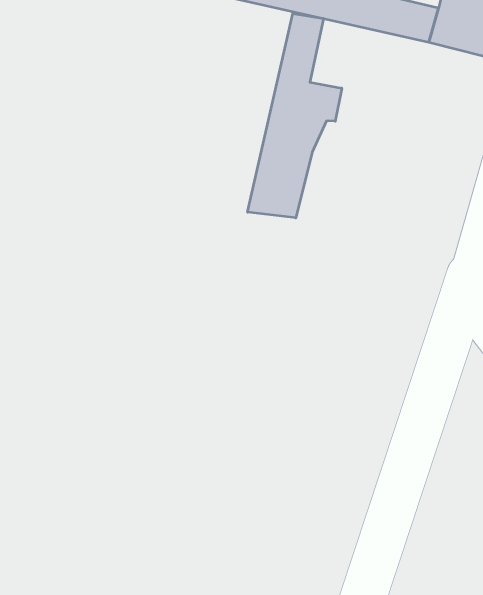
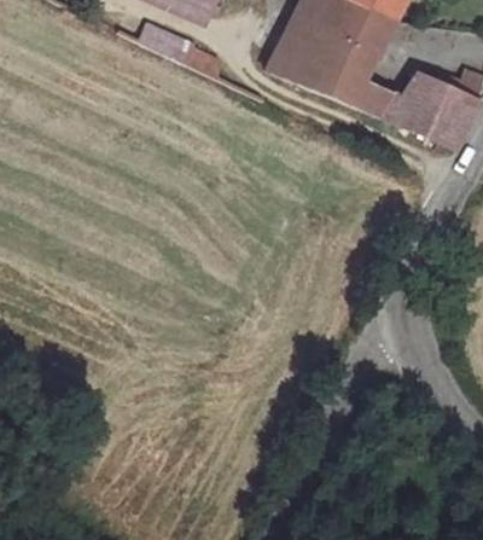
building: [248,13,342,218] -> none

